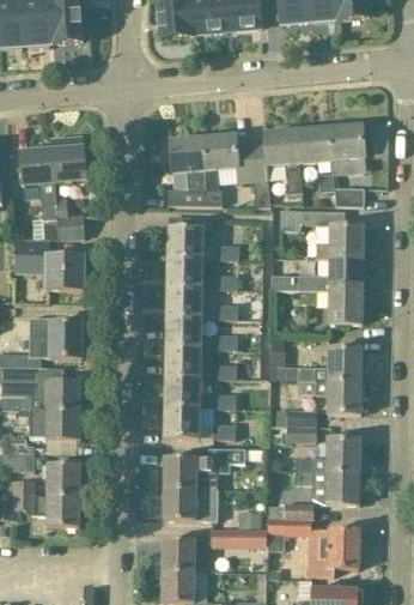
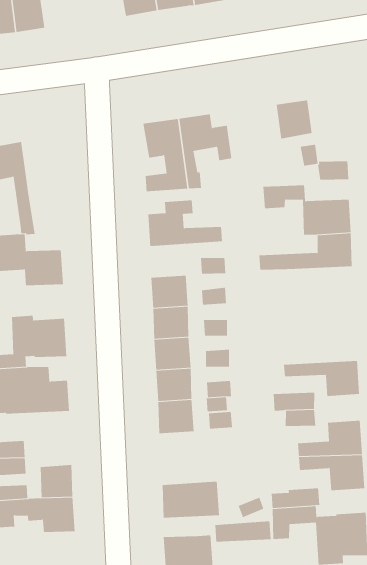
building: [329,123,364,159] -> none
building: [250,129,303,207] -> none
building: [50,138,91,181] -> none
building: [55,196,85,240] -> none
building: [166,258,201,288] -> none
building: [299,289,361,323] -> none
building: [272,347,361,381] -> none
building: [18,410,80,438] -> none
building: [164,448,245,488] -> none

